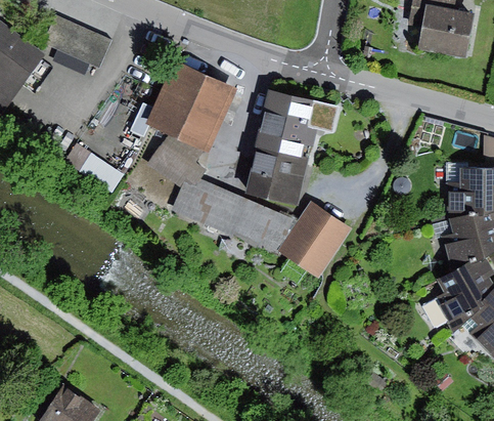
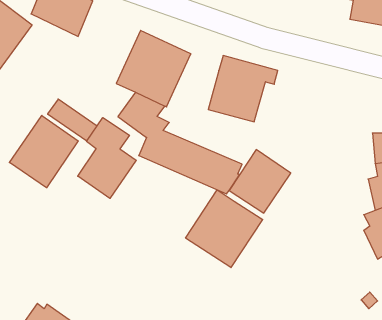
building: [243,155,308,210] -> none
building: none -> [9,115,78,188]
building: none -> [78,118,136,198]
building: none -> [186,190,263,268]

